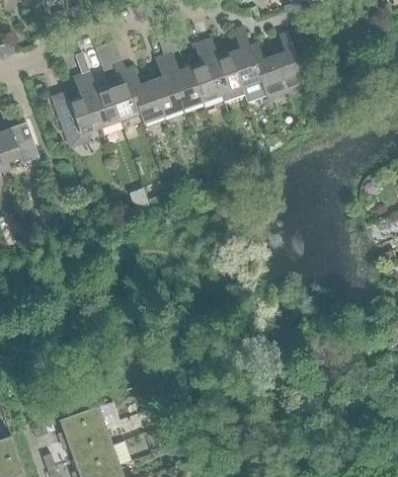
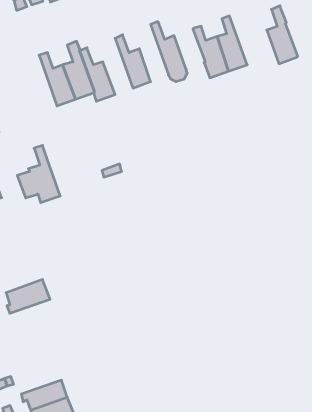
building: [226,26,259,89] -> [267,6,298,64]
building: [188,41,220,102] -> none
building: [149,56,181,116] -> none
building: [53,74,99,136] -> [17,145,60,203]
building: [57,404,104,441] -> [6,280,50,313]

